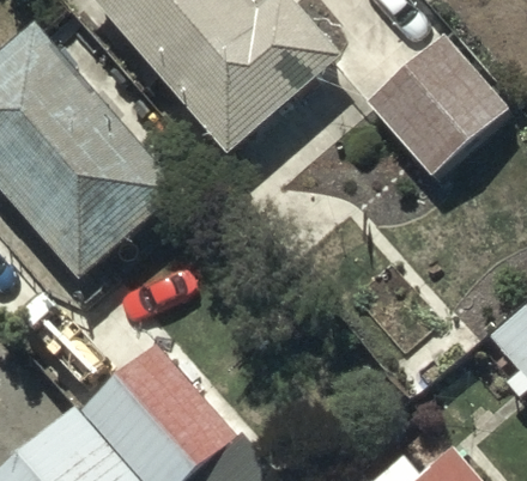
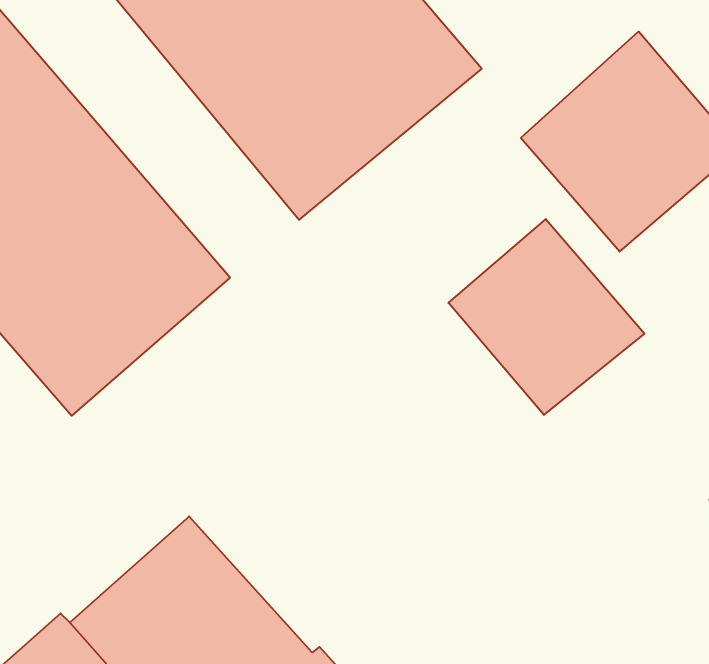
building: none -> [448,219,644,415]

